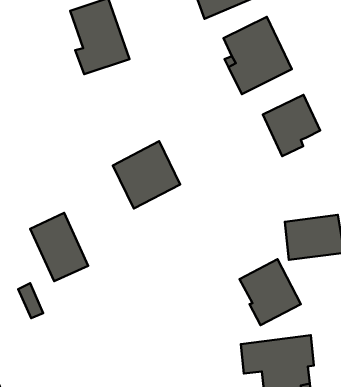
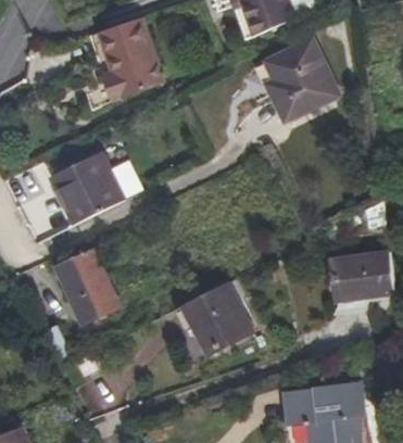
building: [263,95,320,156] -> none
building: [113,141,180,209] -> [52,153,125,226]
building: [240,259,301,325] -> [186,282,252,354]

